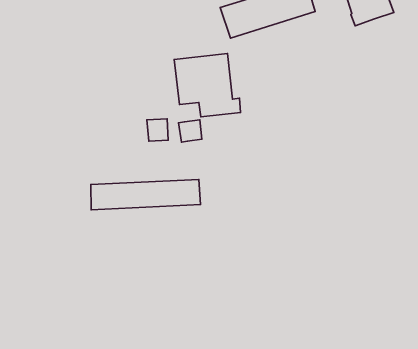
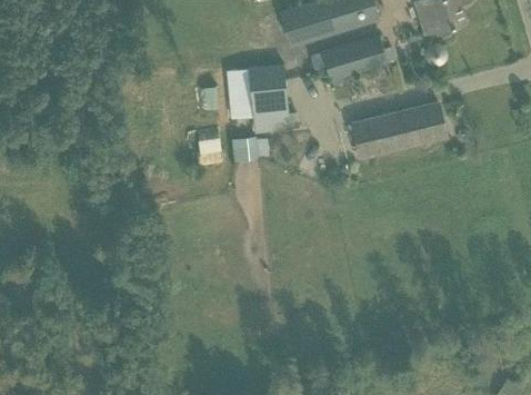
building: none -> [309,34,389,81]
building: none -> [352,102,447,158]
building: [91,179,200,210] -> none

